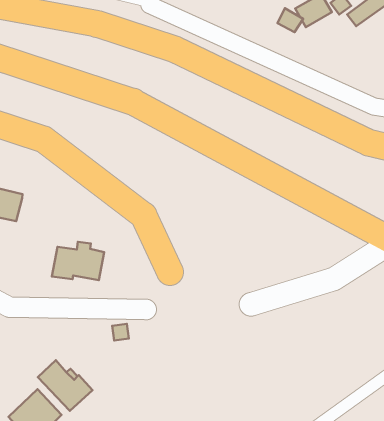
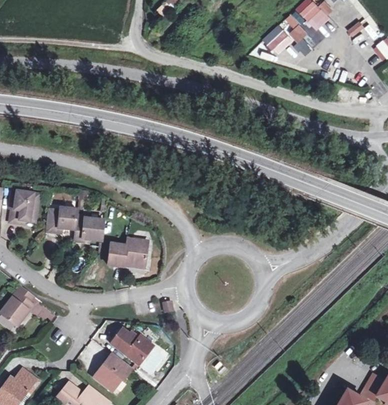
building: none -> [75,211,106,240]

